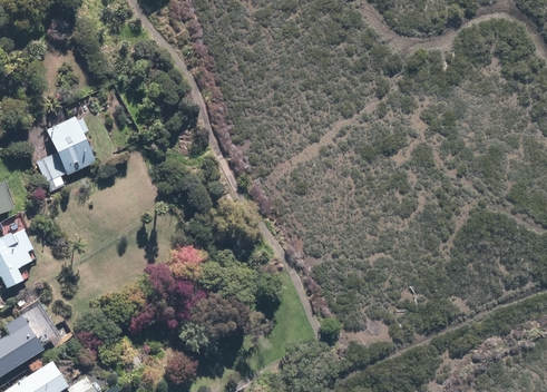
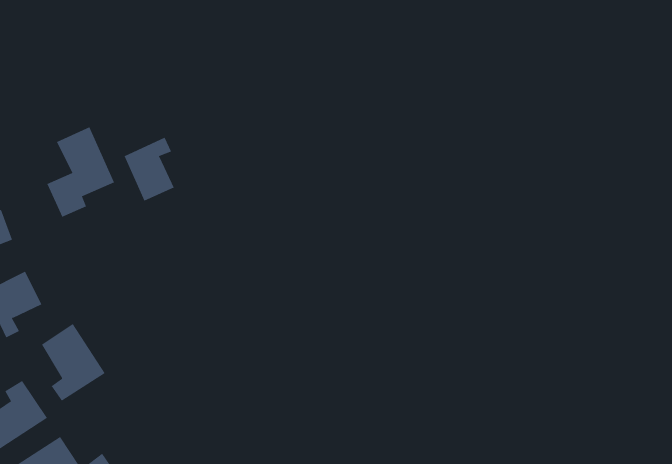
building: none -> [124,137,175,202]
building: none -> [41,323,106,401]

